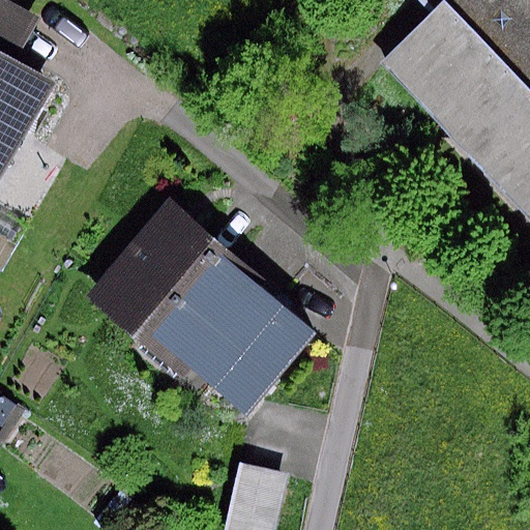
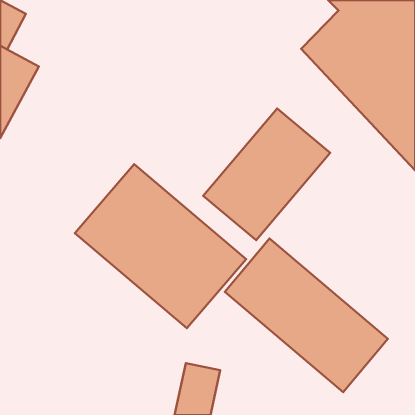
building: none -> [203,109,330,240]
building: none -> [225,238,388,392]

